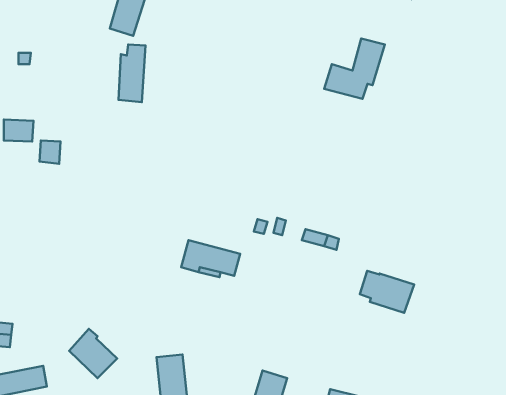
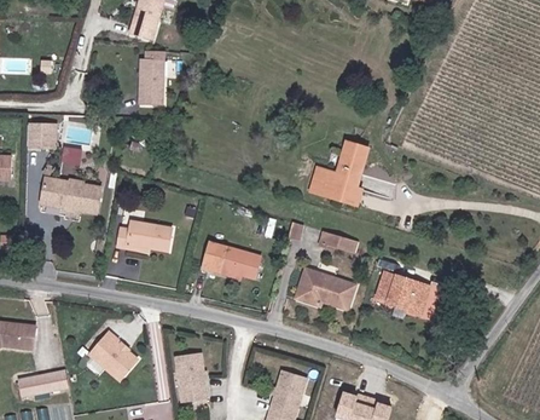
building: [324,38,385,99] -> [308,143,367,202]
building: none -> [40,177,100,214]
building: none -> [116,221,170,252]
building: none -> [295,269,355,310]

